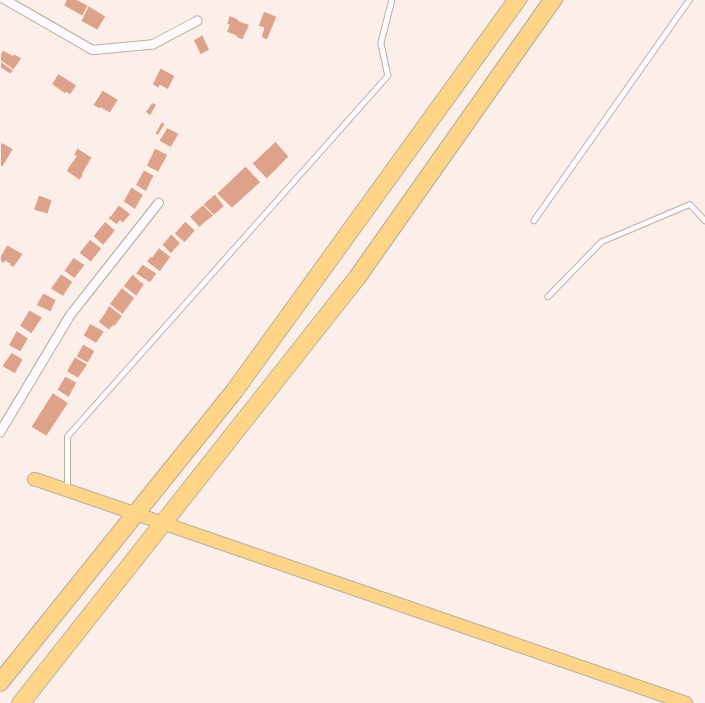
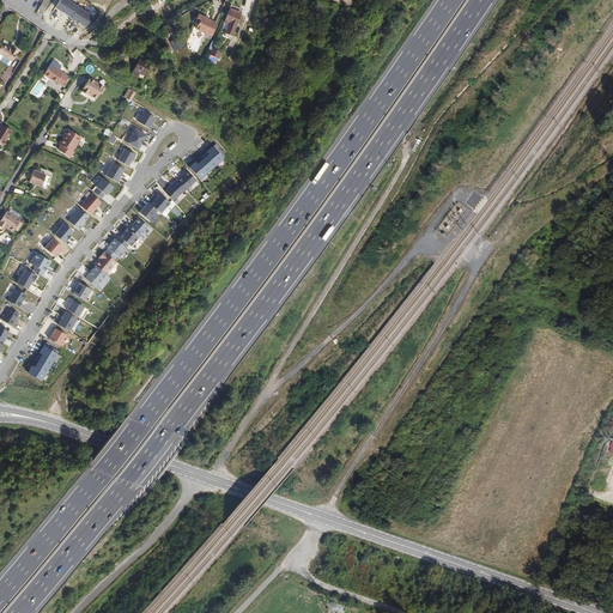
building: [252,141,289,179] -> none

